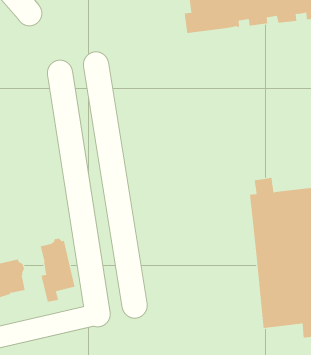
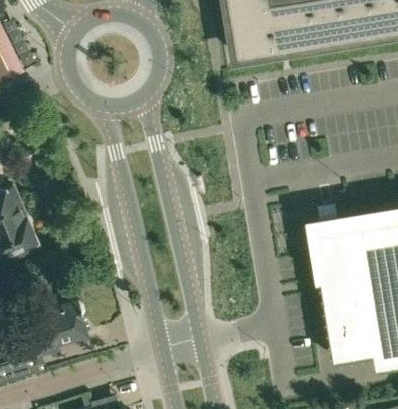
building: [40,238,75,303] -> none

